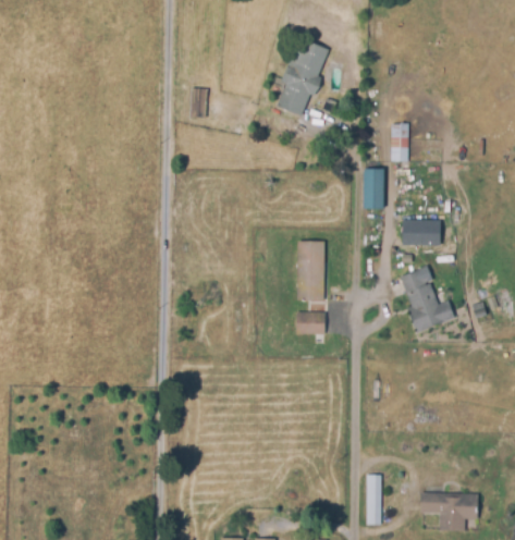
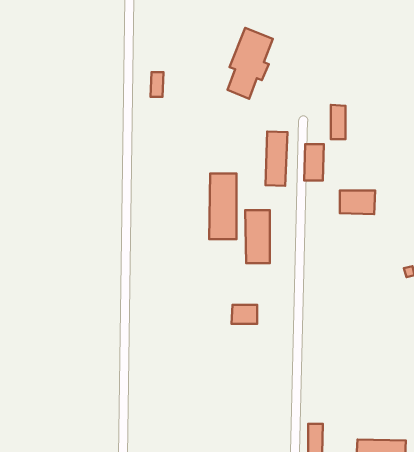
building: none -> [266,132,287,186]
building: none -> [209,173,236,239]
building: [401,266,455,333] -> none
building: [296,312,324,333] -> [232,305,257,324]

